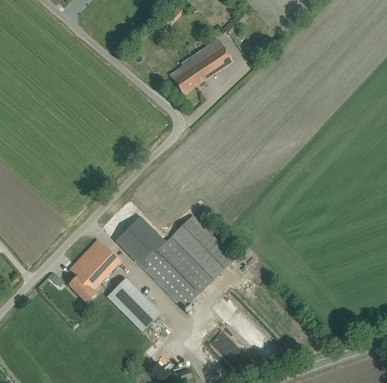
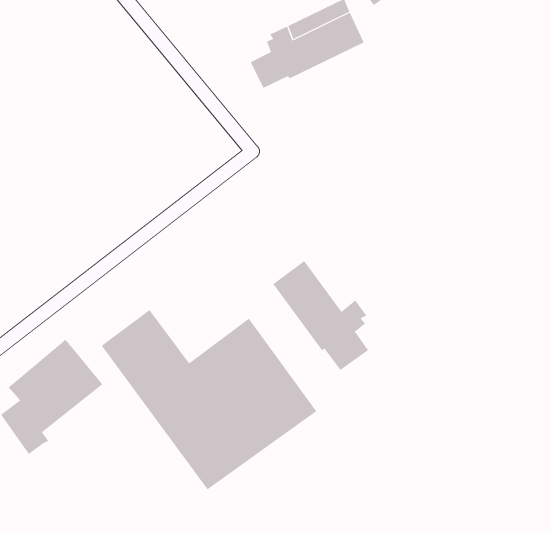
building: none -> [272,260,369,371]
building: [107,276,162,332] -> none

